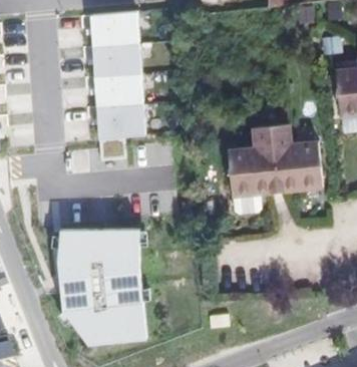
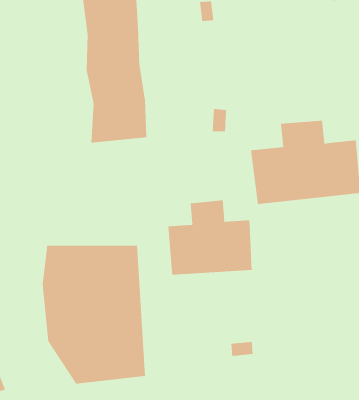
building: none -> [168,199,252,275]

